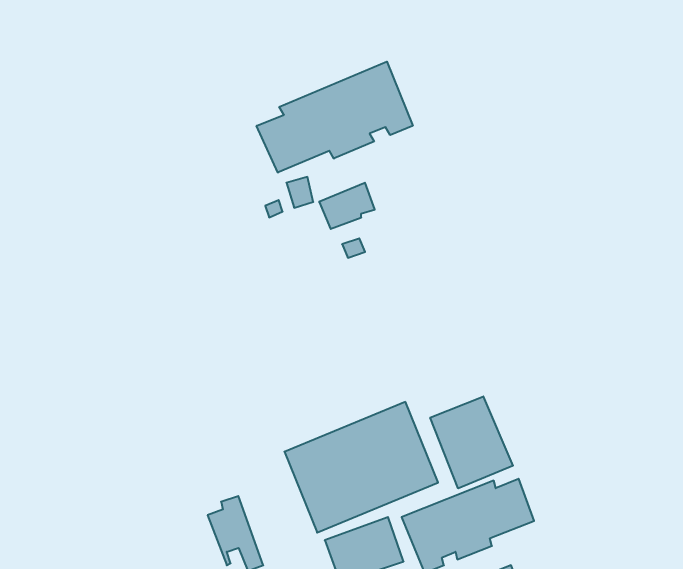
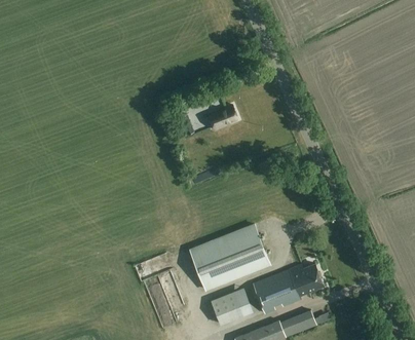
building: [257,62,413,173] -> none
building: [430,396,513,488] -> none

